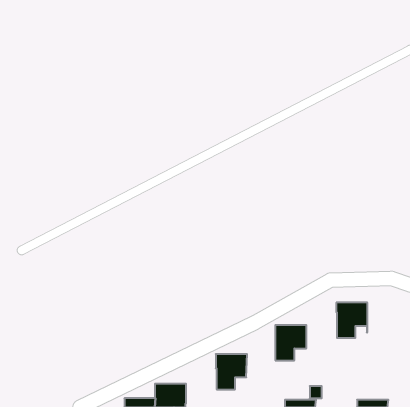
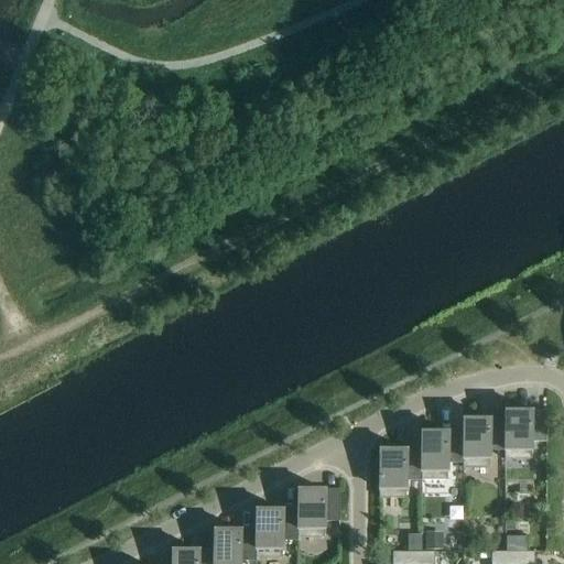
building: none -> [503,406,546,456]
building: none -> [420,429,463,477]
building: none -> [254,506,297,554]

